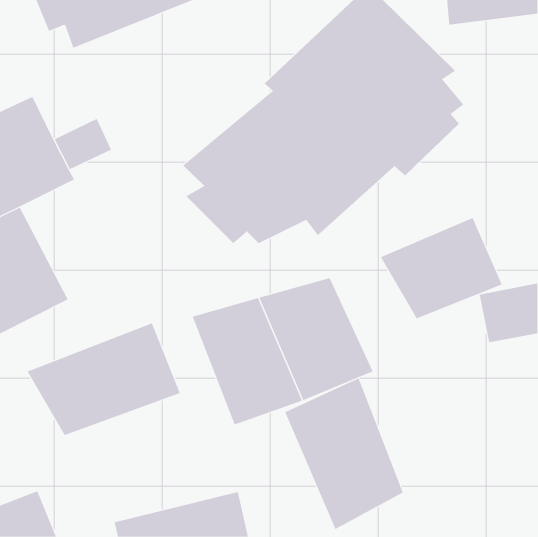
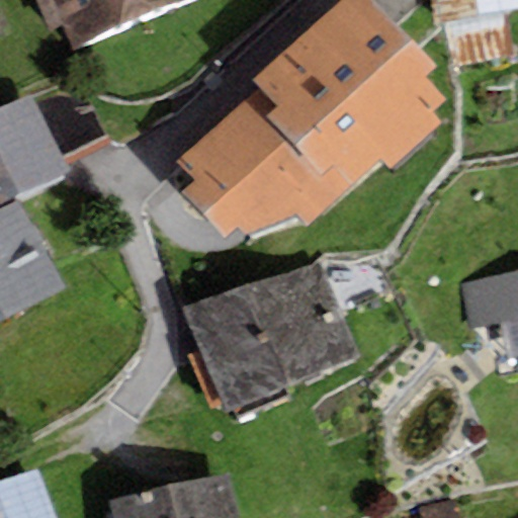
building: [380,217,503,319] -> none
building: [27,322,181,436] -> none
building: [285,377,403,530] -> none

